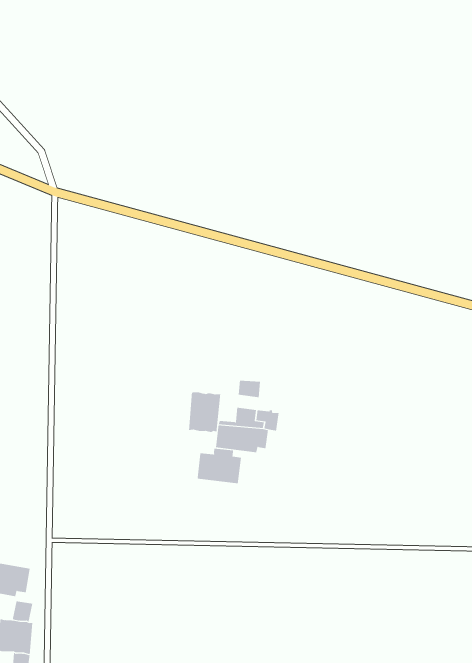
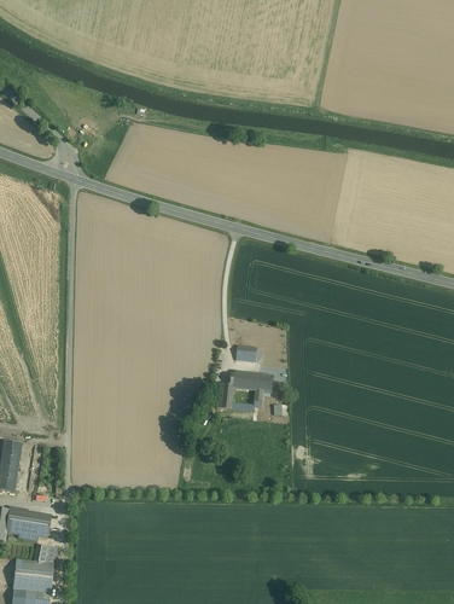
building: [189,391,221,433] -> none
building: [197,448,242,484] -> none

